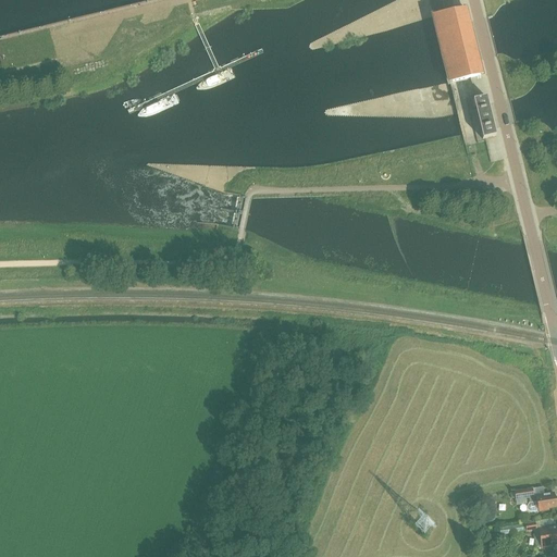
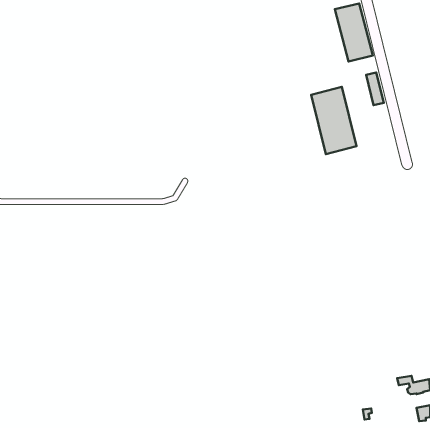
building: none -> [311,87,357,154]

